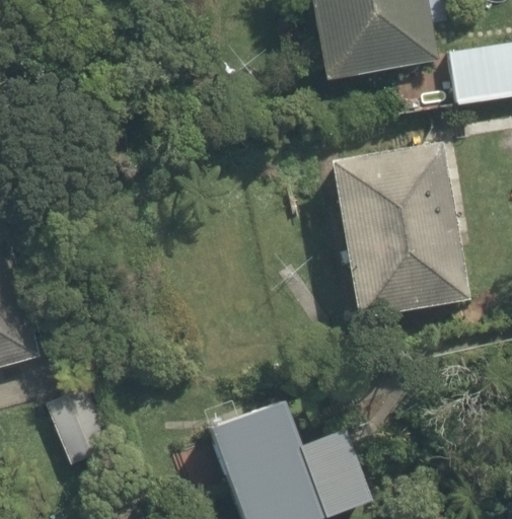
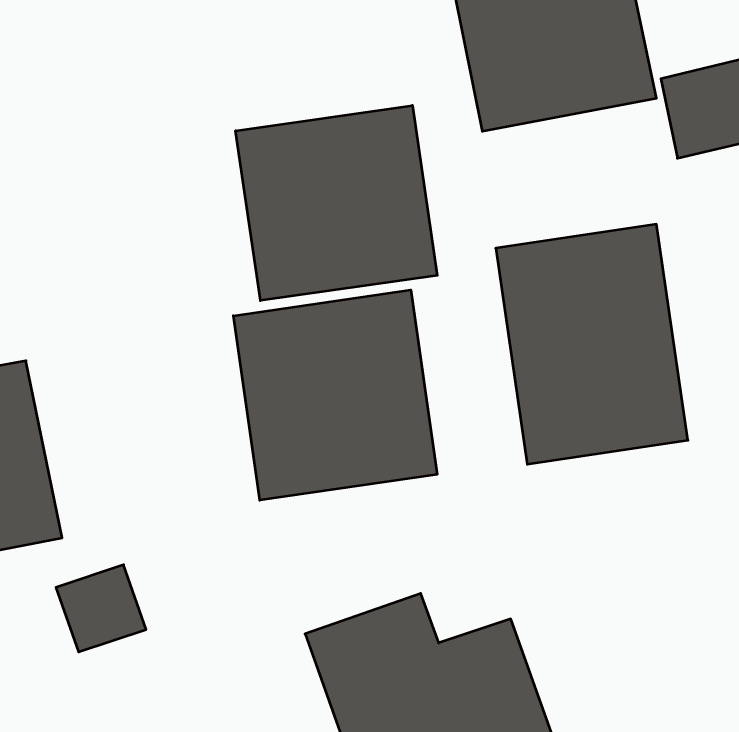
building: none -> [236,105,437,301]
building: none -> [233,290,437,500]

